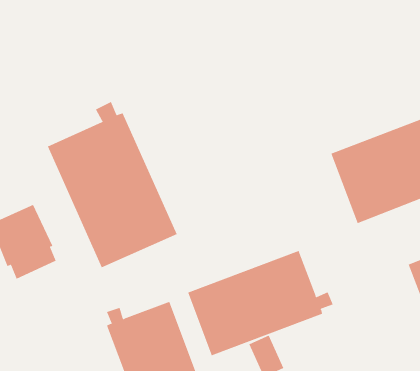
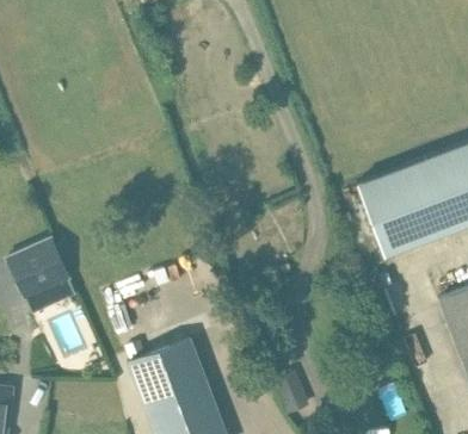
building: [47,101,178,268] -> none
building: [188,250,334,356] -> none

